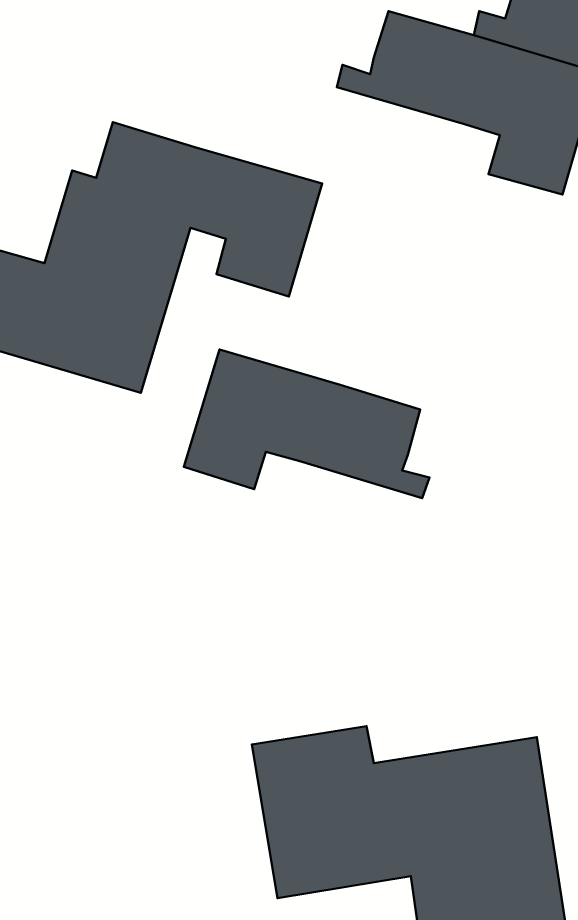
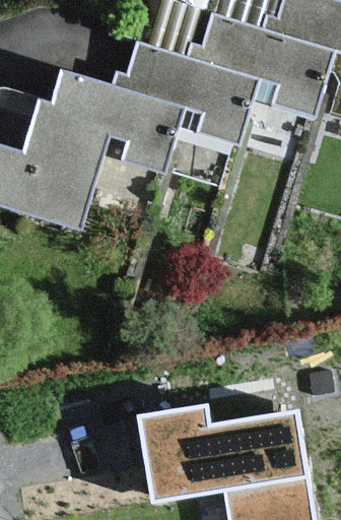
building: none -> [110,44,256,153]
building: [184,349,429,498] -> none

